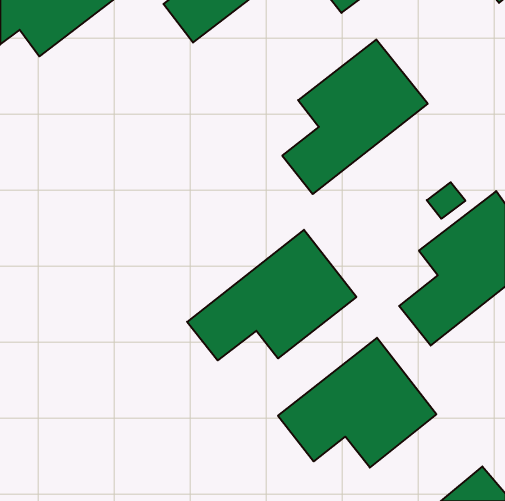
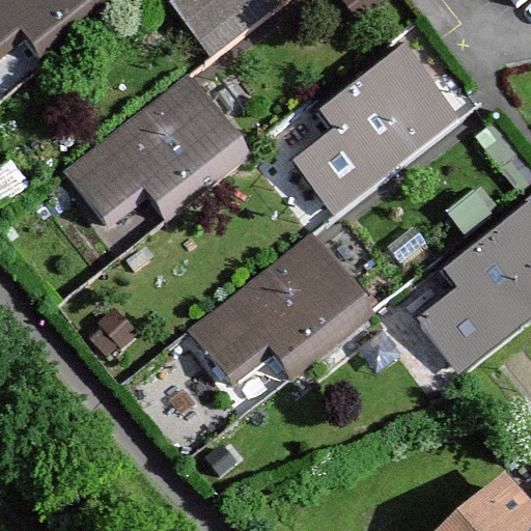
building: none -> [66,78,247,222]
building: [278,338,436,468] -> none

